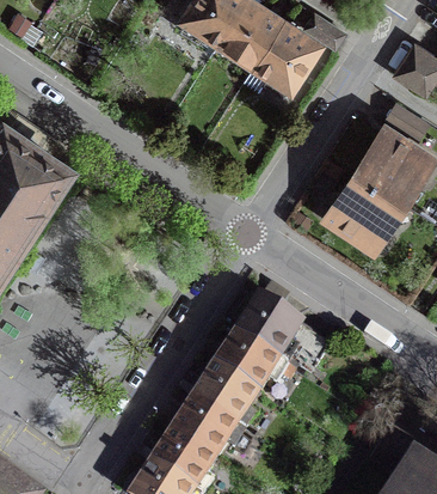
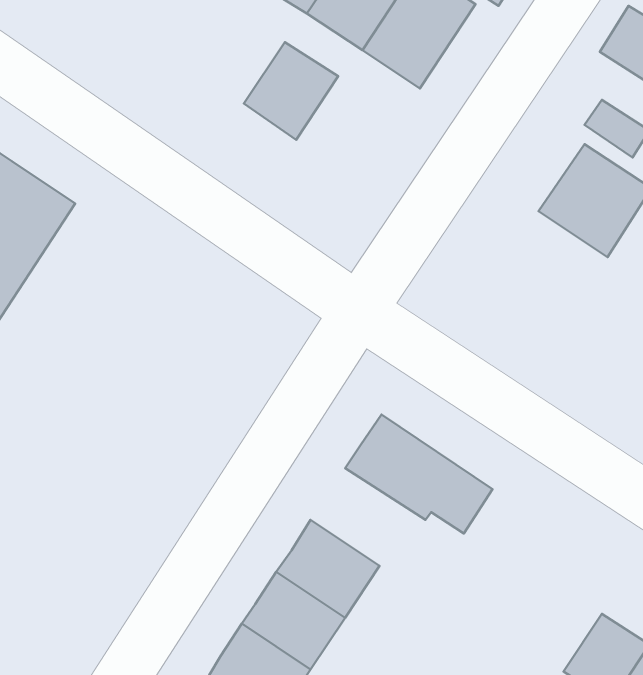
building: none -> [244,42,338,140]
building: [328,171,399,242] -> none
building: [214,331,285,392] -> none

